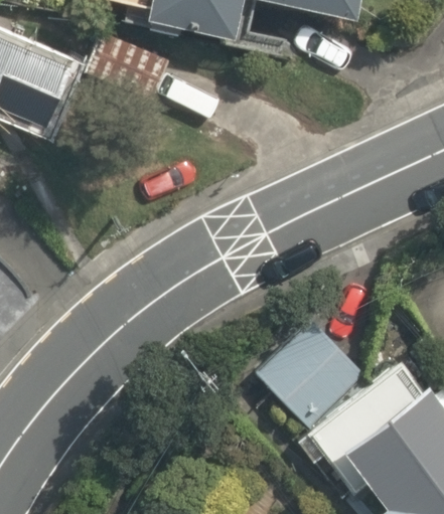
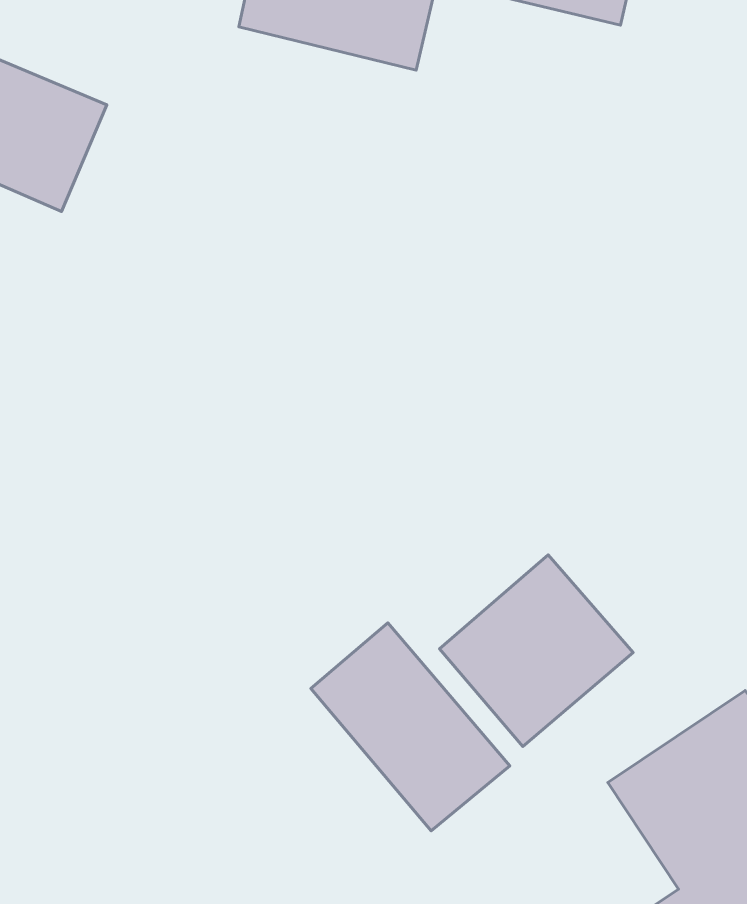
building: none -> [311,623,510,831]

